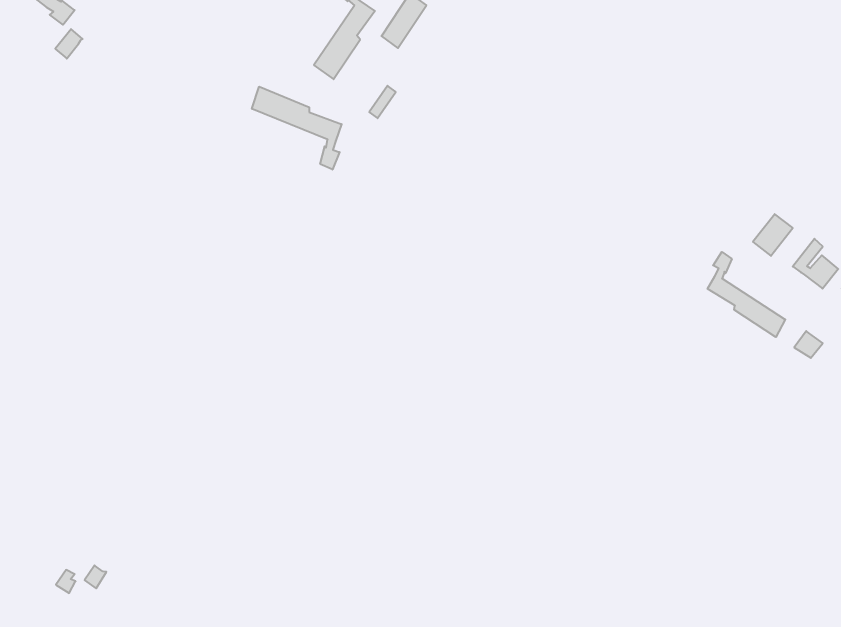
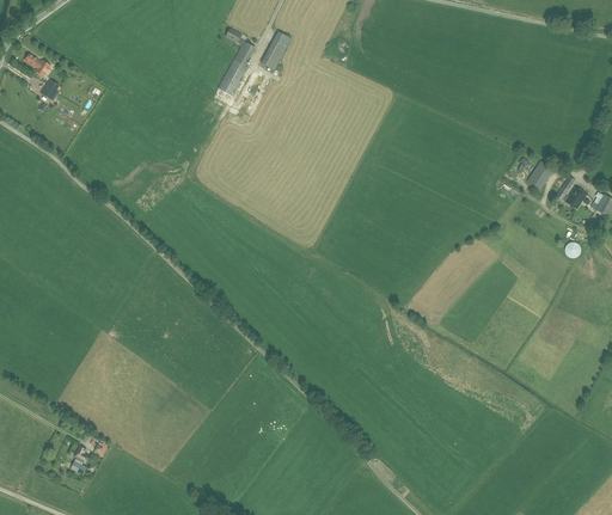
building: [252,87,342,170] -> none
building: [708,252,785,337] -> none

